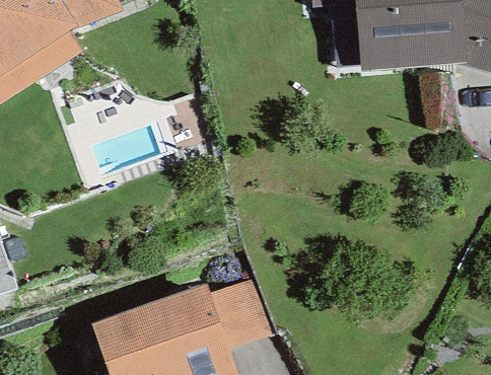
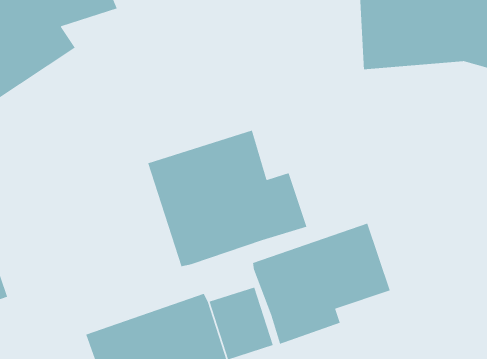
building: none -> [147,130,308,267]
building: none -> [252,222,391,345]

